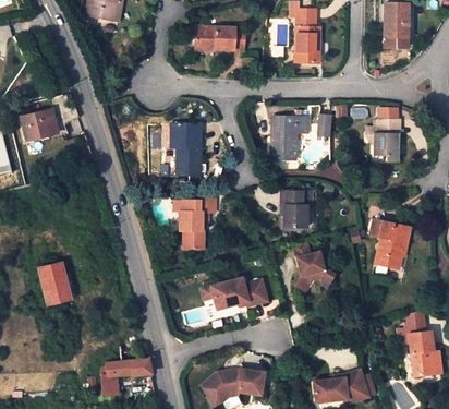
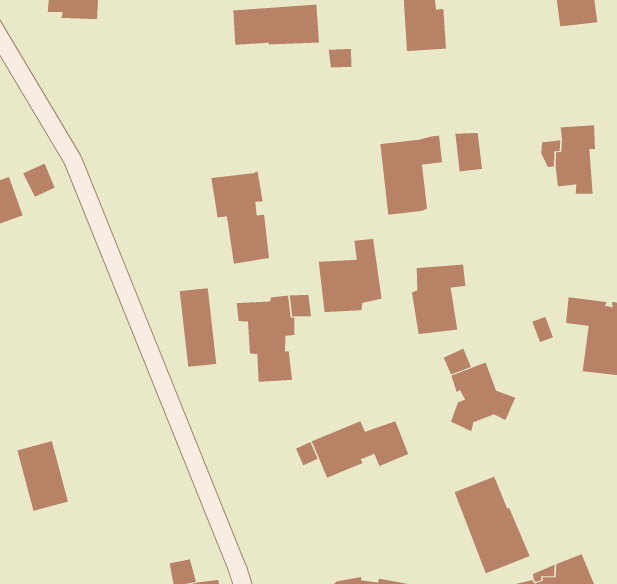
building: none -> [318,238,382,313]
building: none -> [179,287,217,367]
building: none -> [454,476,531,574]

